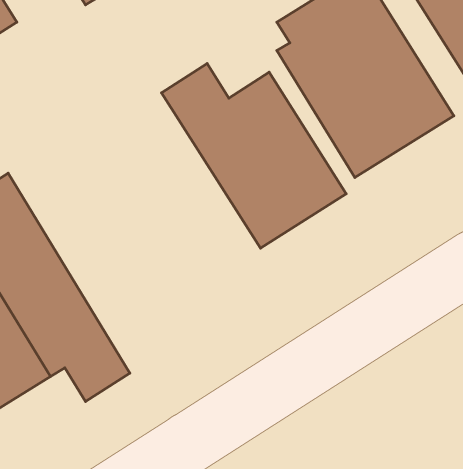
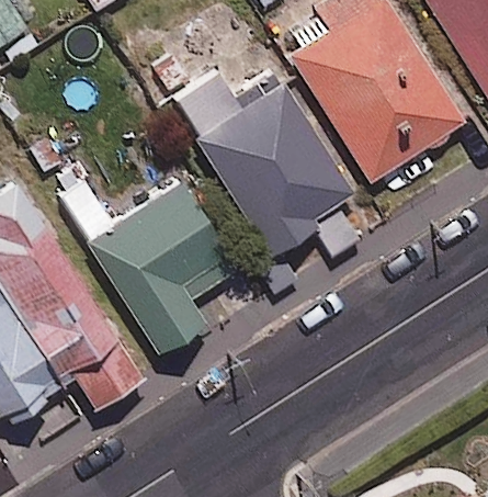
building: none -> [50,176,238,355]

